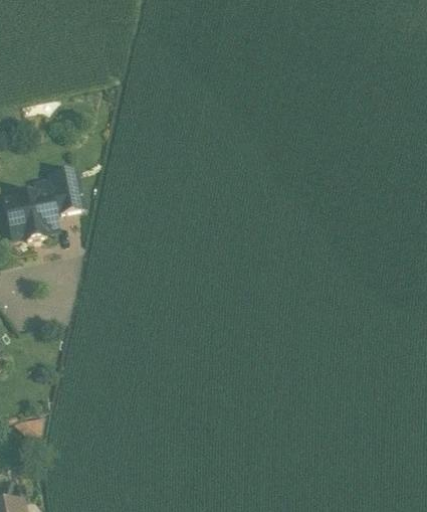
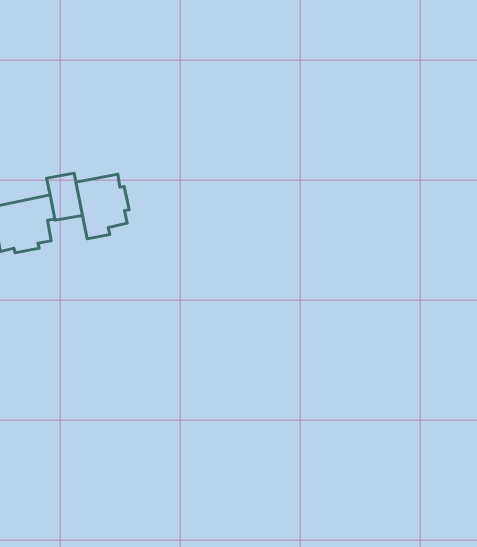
building: none -> [76,174,129,239]

